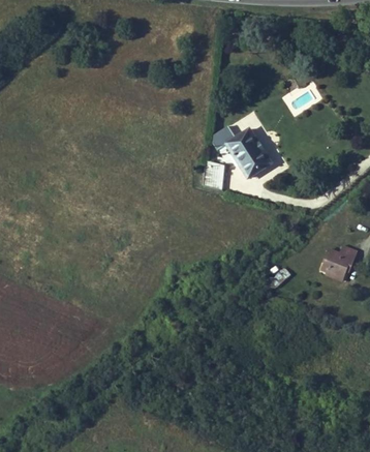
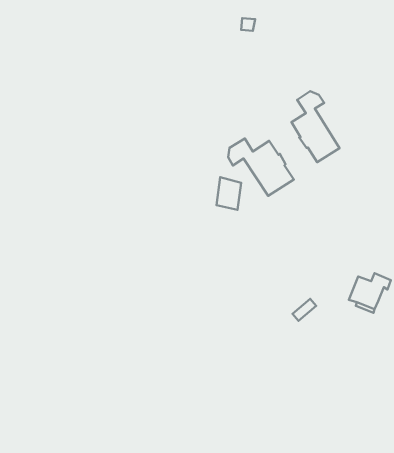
building: none -> [291,91,339,162]

